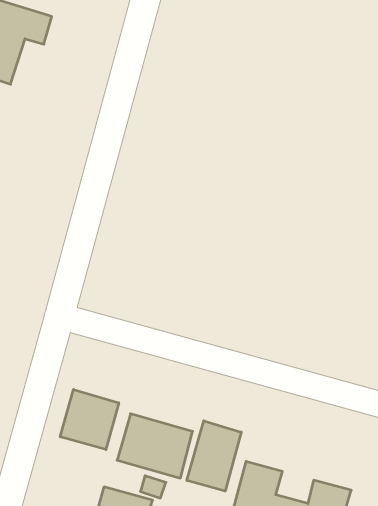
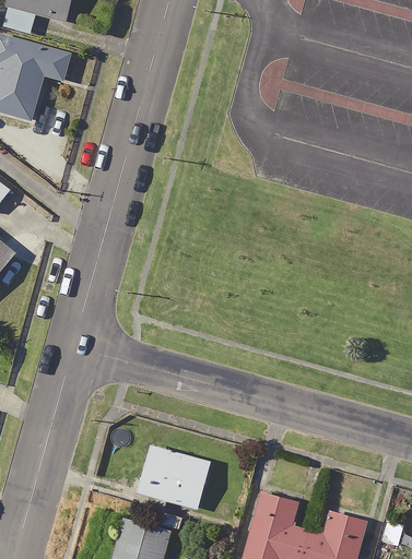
building: [60,389,119,450] -> none
building: [187,421,241,491] -> none

